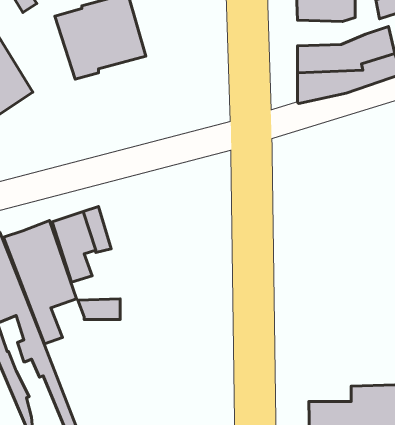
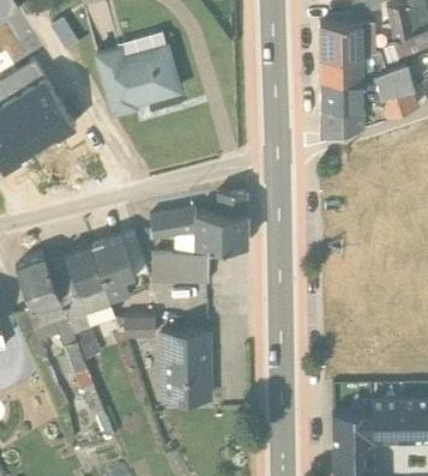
building: none -> [321,54,385,82]
building: none -> [145,192,247,284]
building: none -> [159,332,210,398]

